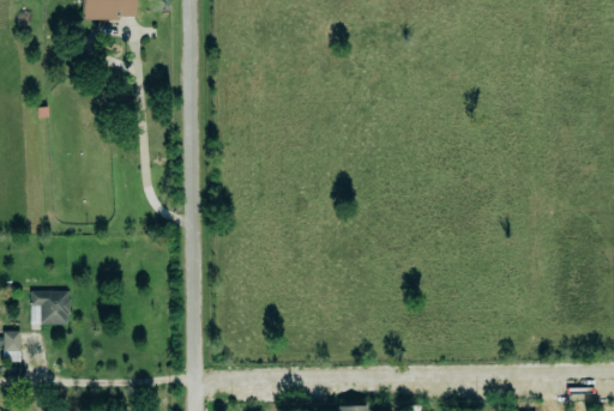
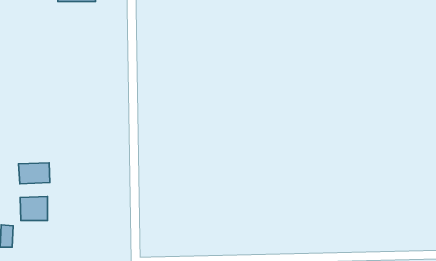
building: none -> [18,163,50,184]

